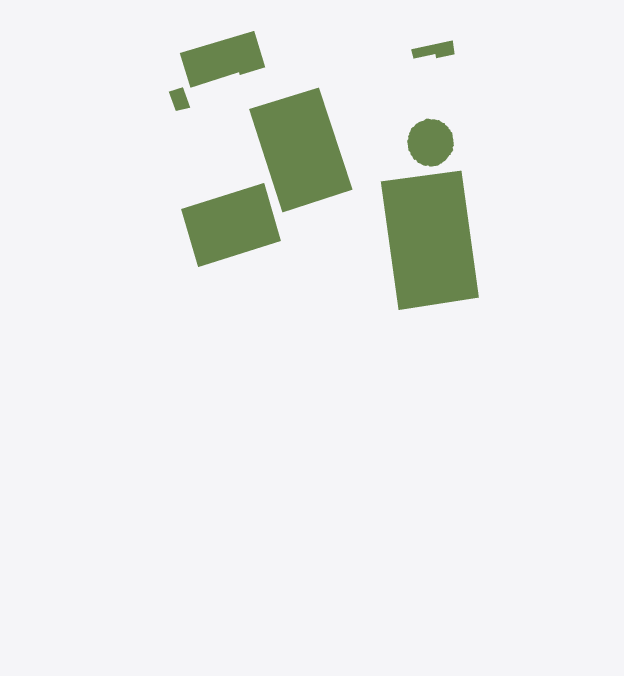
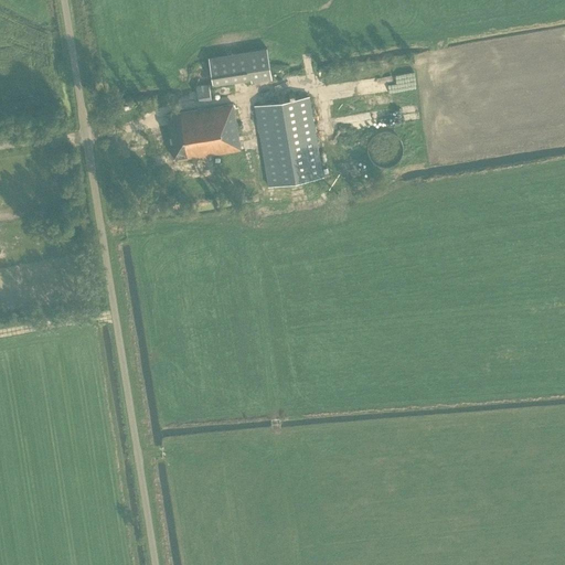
building: [380,170,480,311] -> none
building: [180,182,282,268] -> [168,104,239,160]

